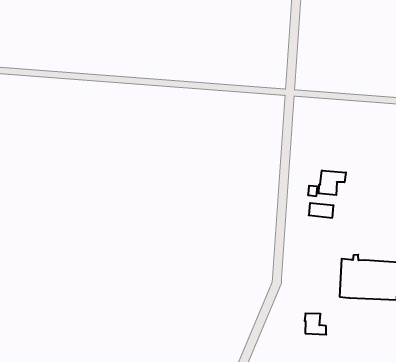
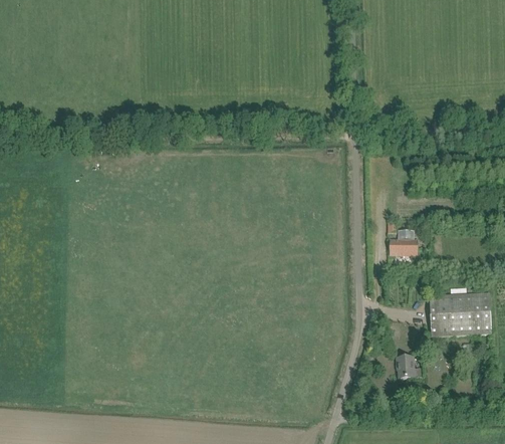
building: [319,170,346,195] -> none

